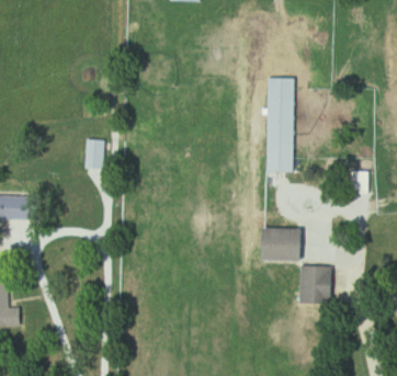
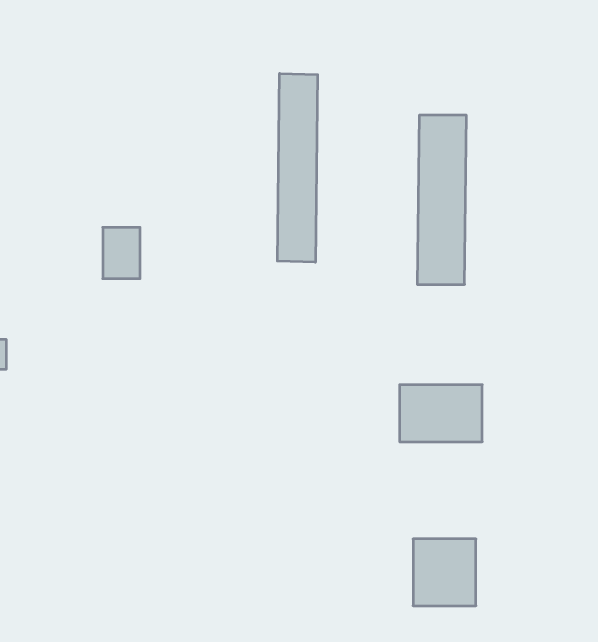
building: none -> [277,73,318,262]
building: [297,265,332,303] -> [413,539,476,606]

